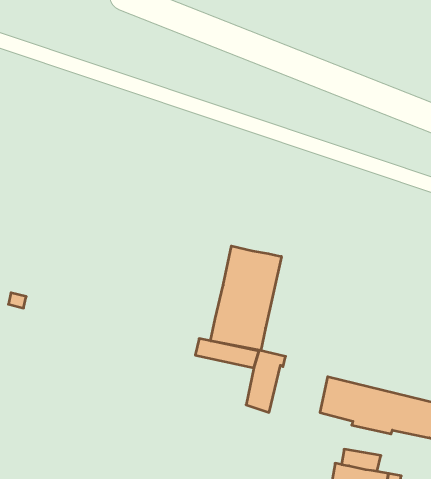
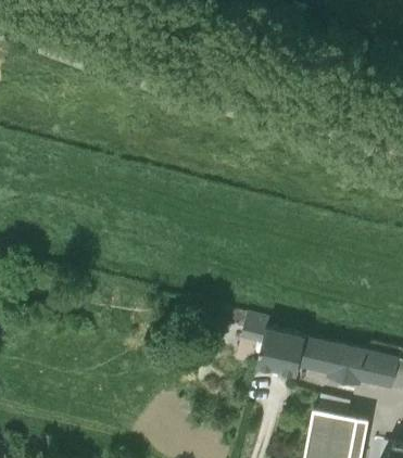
building: [211,246,281,350] -> none
building: none -> [256,326,306,374]

